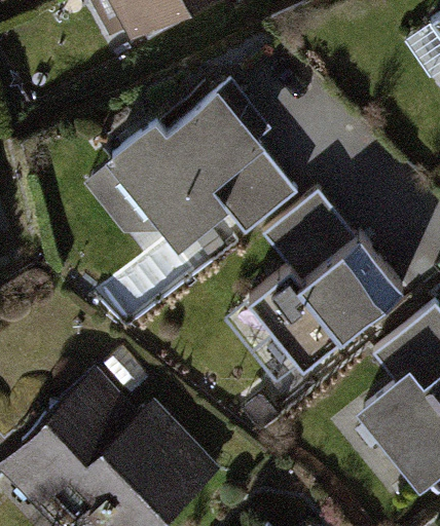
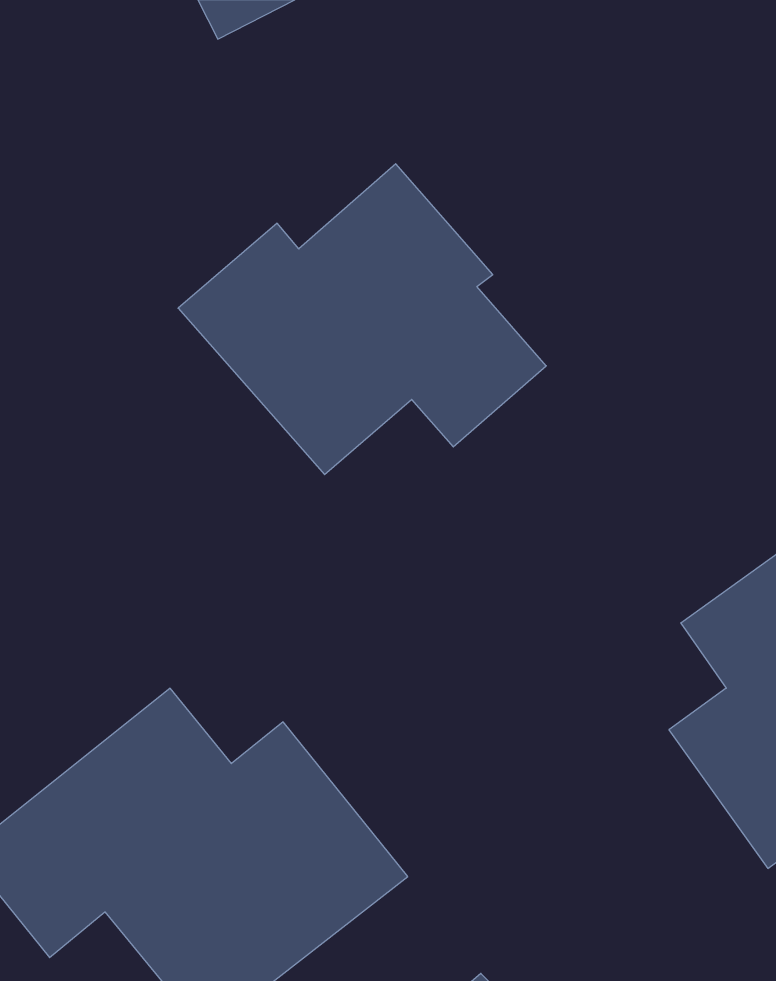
building: [250,202,406,383] -> none

